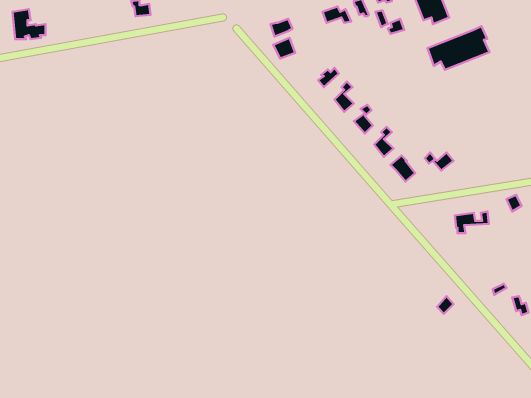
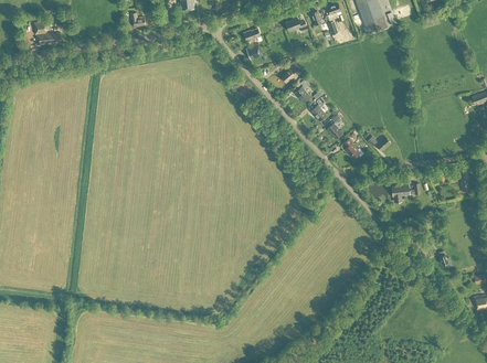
building: [427,26,489,70] -> none

